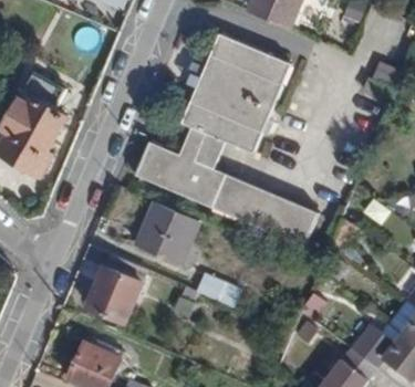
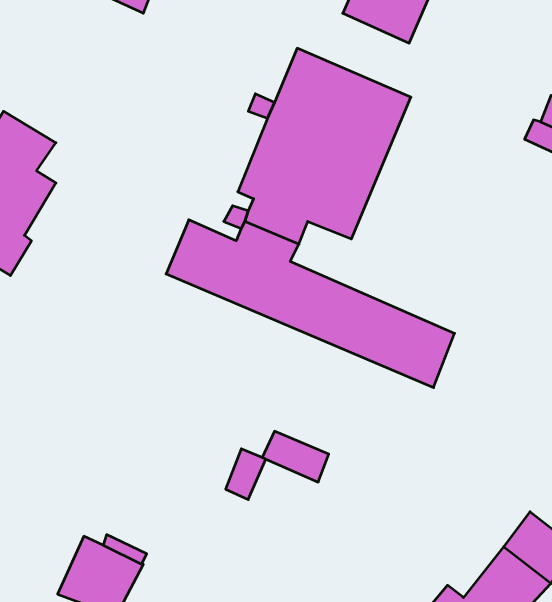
building: [134,200,199,264] -> none
building: [84,253,146,325] -> none

